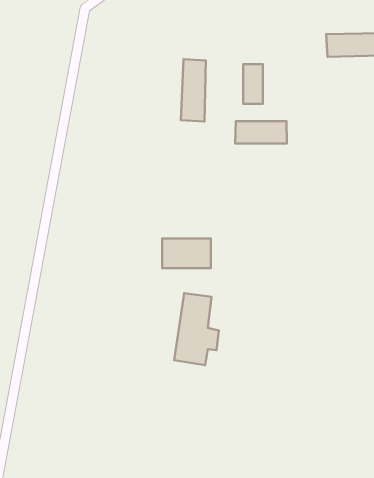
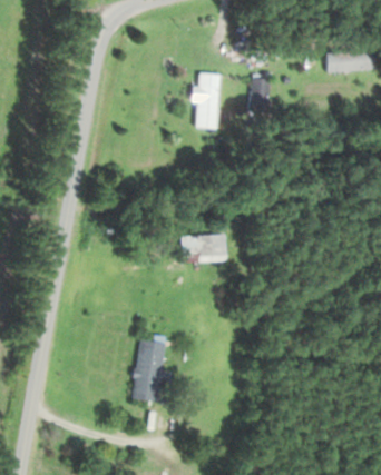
building: [235,121,287,144] -> none
building: [174,293,219,365] -> [131,340,172,405]

